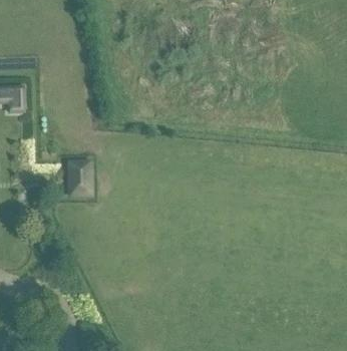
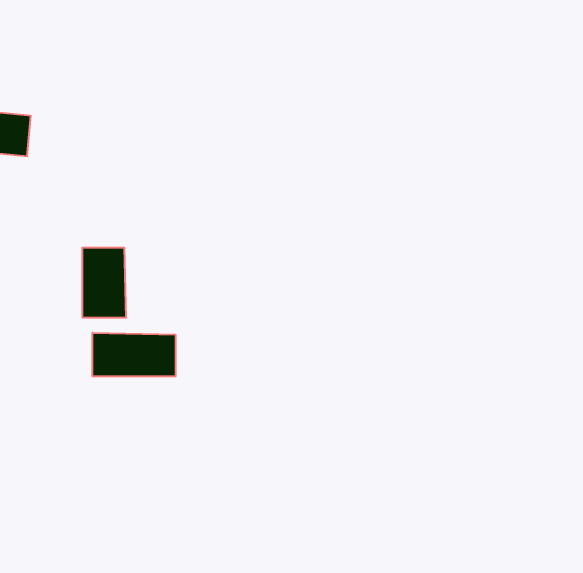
building: none -> [93,333,176,376]

